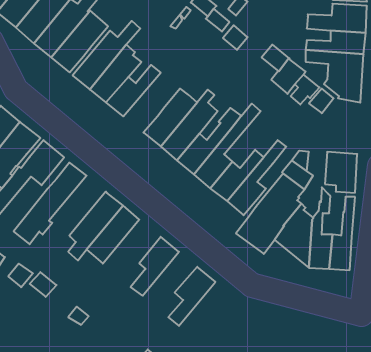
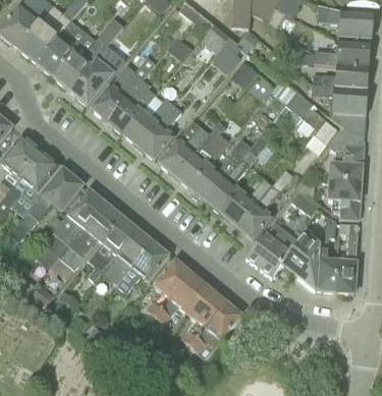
building: none -> [139,104,181,159]
building: none -> [332,128,364,181]
building: none -> [62,202,122,268]
building: none -> [119,243,169,291]
building: none -> [157,274,209,322]
building: none -> [192,302,241,351]

